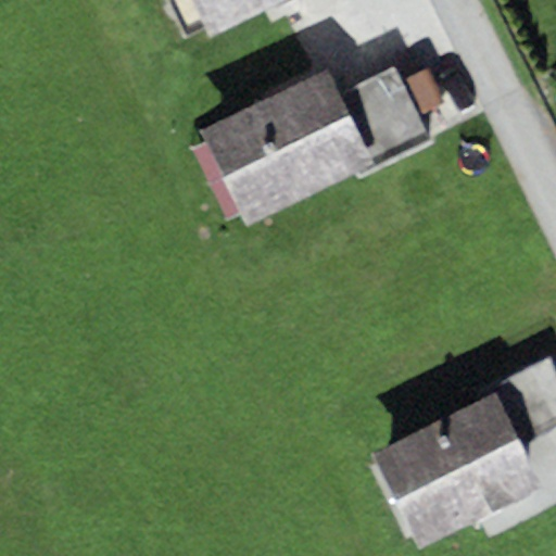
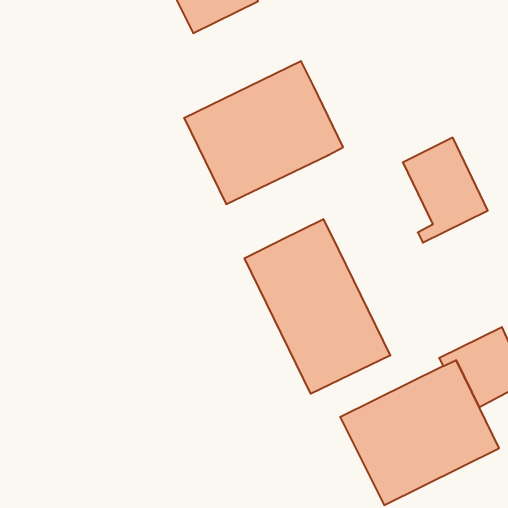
building: [343,65,435,179] -> [403,138,488,243]
building: none -> [245,219,390,394]

